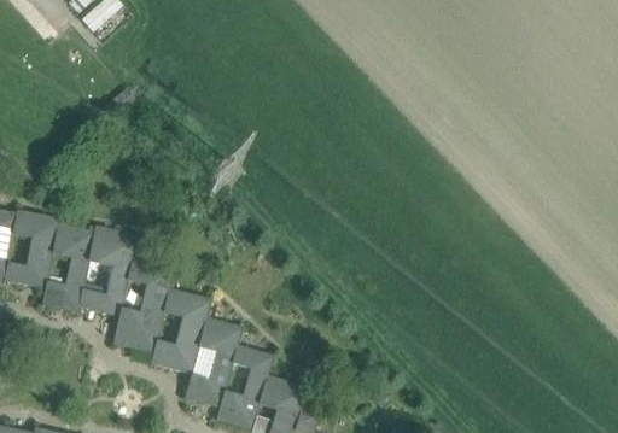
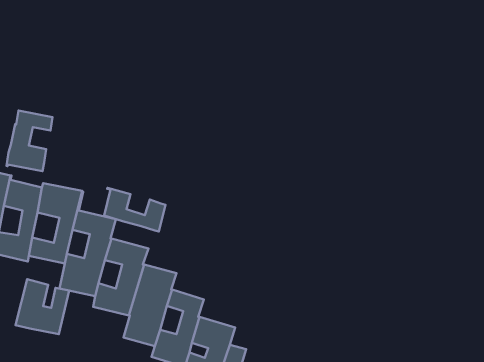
building: none -> [6,111,53,171]
building: none -> [104,188,166,232]
building: none -> [16,279,69,334]

